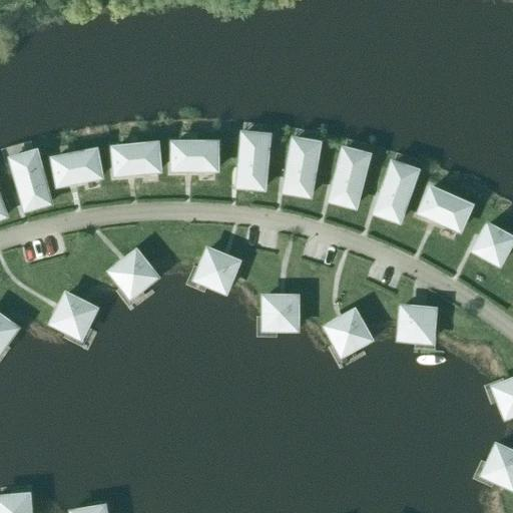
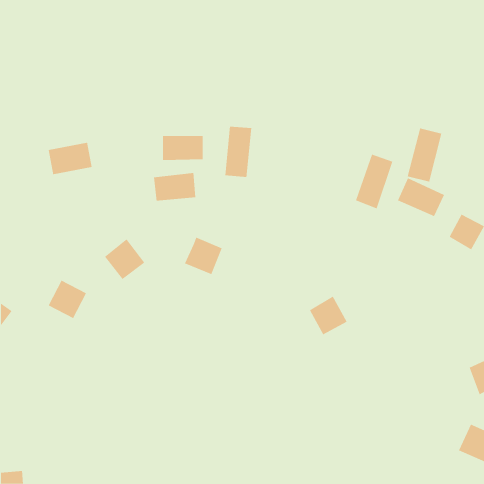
building: [286,138,319,193] -> none
building: [114,142,159,172] -> [153,173,196,201]
building: [332,147,369,204] -> [407,128,442,182]
building: [12,150,51,208] -> none
building: [266,296,297,327] -> none
building: [401,306,434,340] -> none

